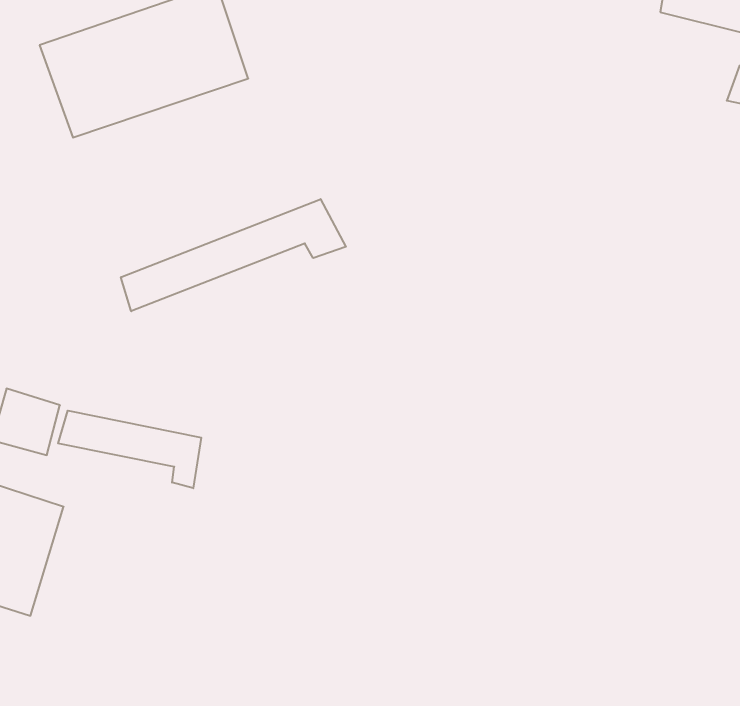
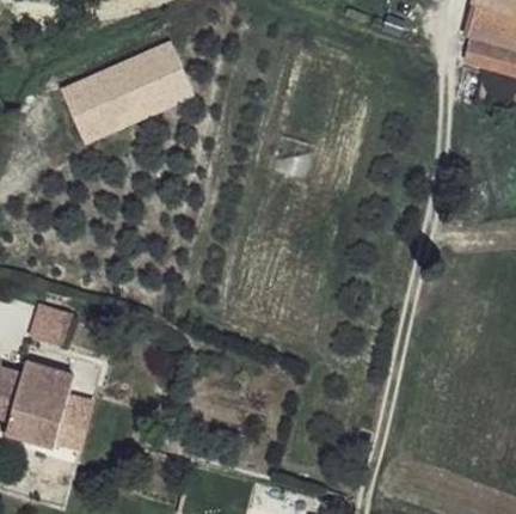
building: [121,199,346,311] -> none
building: [58,411,201,488] -> none

